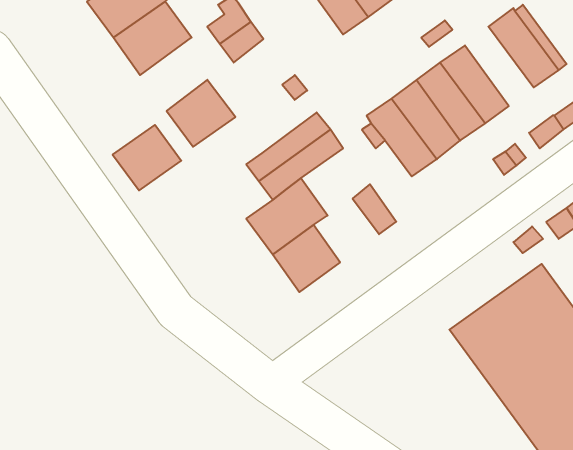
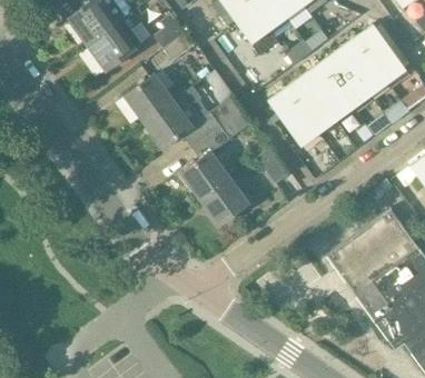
building: none -> [338,38,387,95]
building: [113,125,181,190] -> [145,102,194,149]

